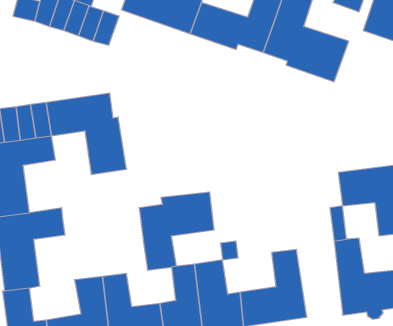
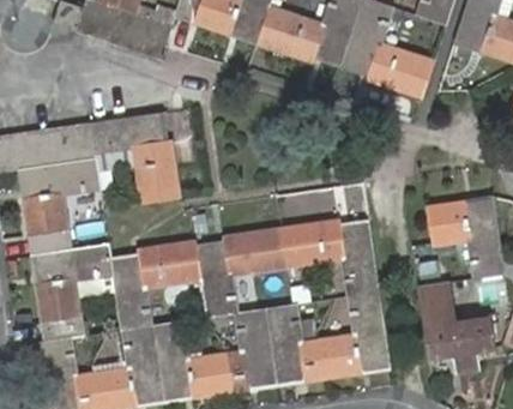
building: none -> [278,217,378,295]
building: none -> [109,236,201,326]

